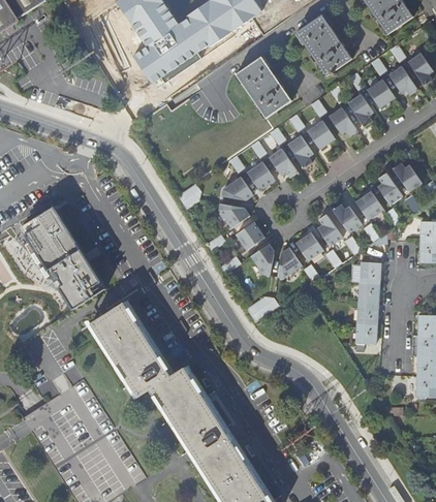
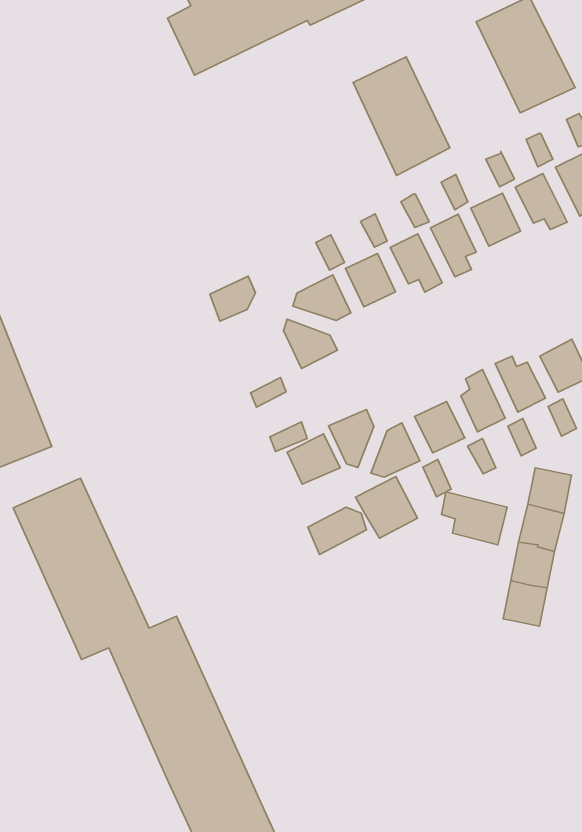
building: [235,221,263,249] -> [287,434,340,484]
building: none -> [356,476,418,538]
building: none -> [441,492,507,545]

